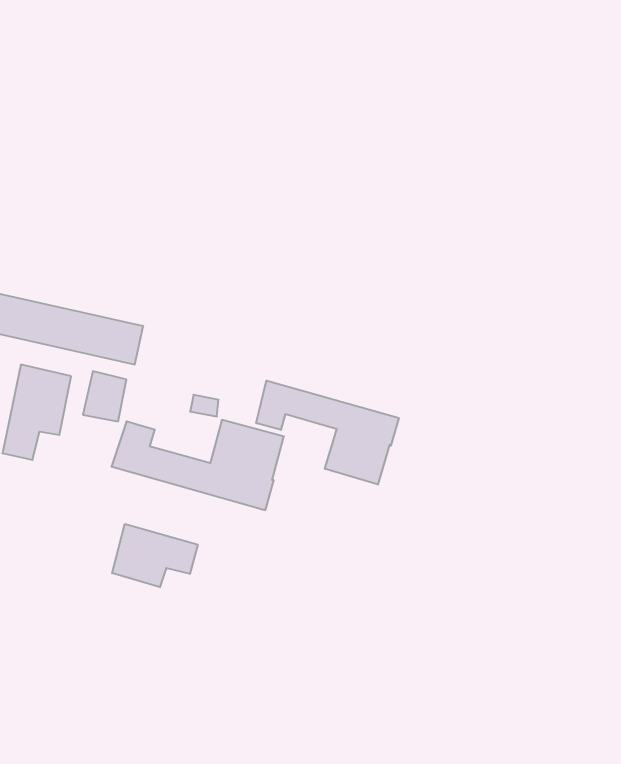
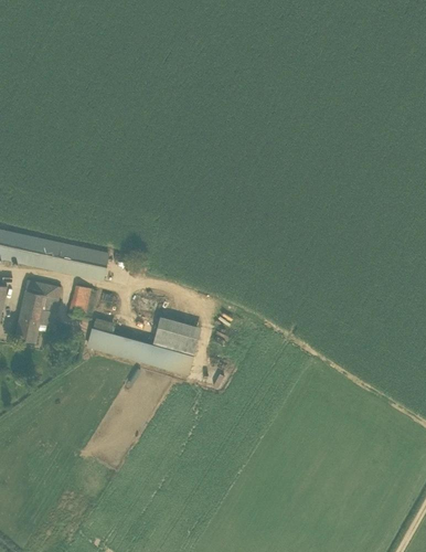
building: [256,381,399,485] -> none
building: [112,524,198,587] -> none

